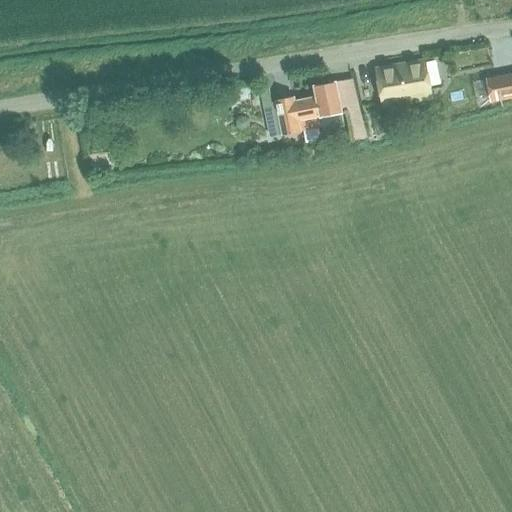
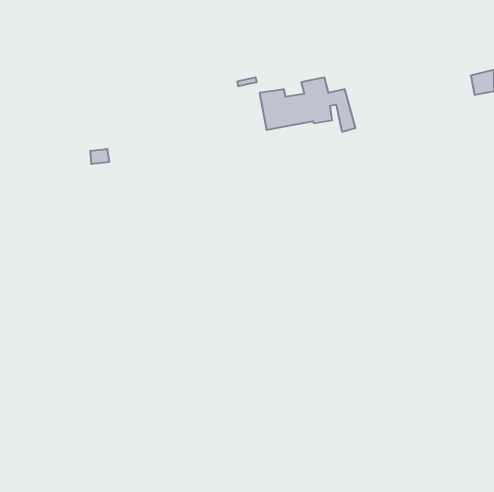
building: [378,60,430,101] -> none

